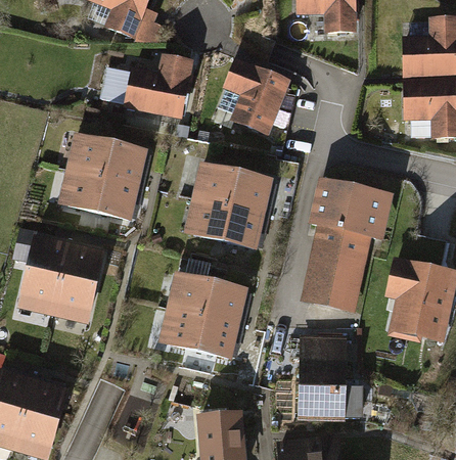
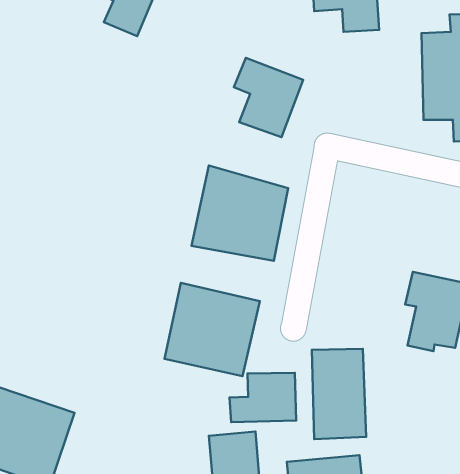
building: [121,53,197,118] -> none
building: [54,132,146,222] -> none
building: [303,177,392,311] -> none
building: [13,233,106,325] -> none
building: none -> [230,373,296,422]

